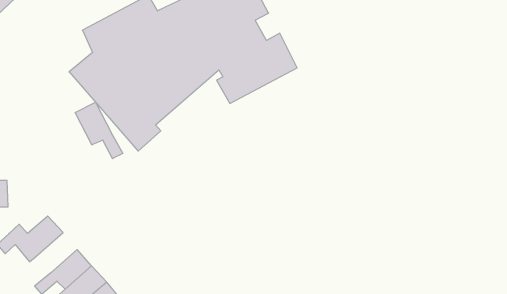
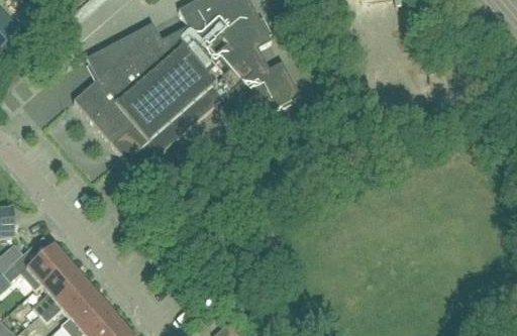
building: [75,102,123,159] -> none
building: none -> [32,258,82,312]

